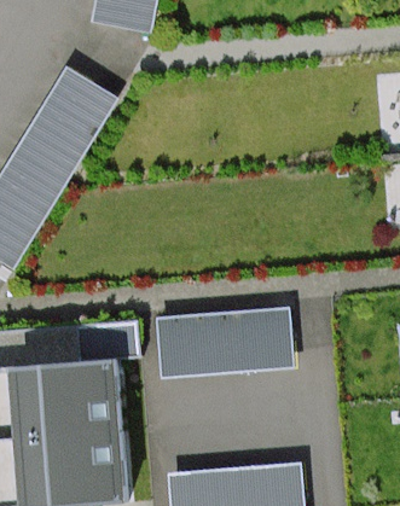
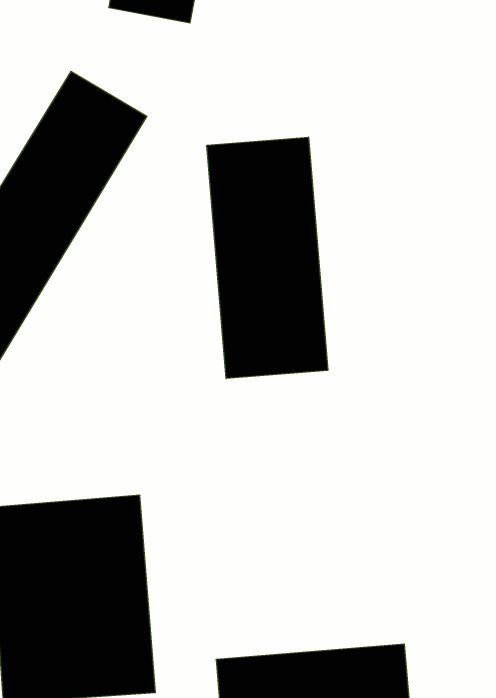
building: none -> [207,137,328,379]
building: [155,308,291,376] -> none

